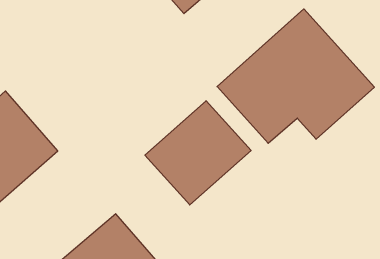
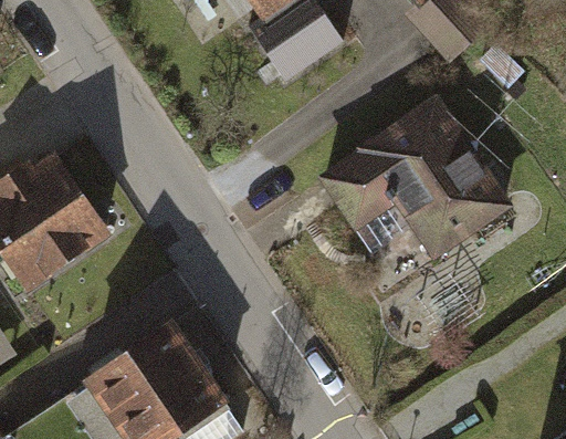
building: [145,101,251,205] -> none

